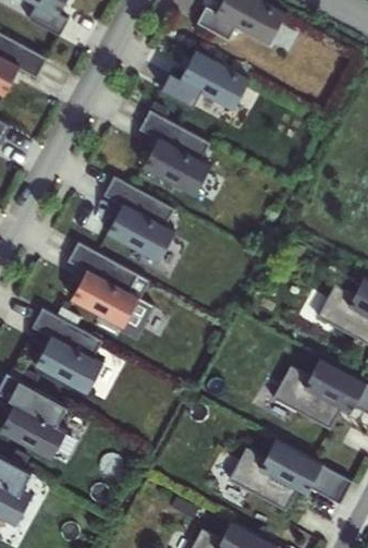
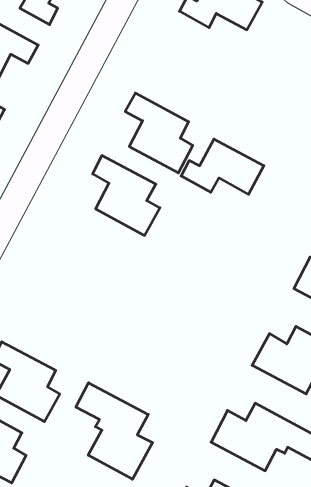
building: [159,50,247,109] -> [181,139,264,194]
building: [66,243,138,327] -> none
building: [30,308,103,393] -> none
building: none -> [76,383,153,479]

